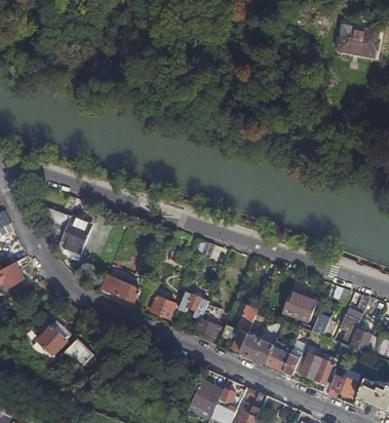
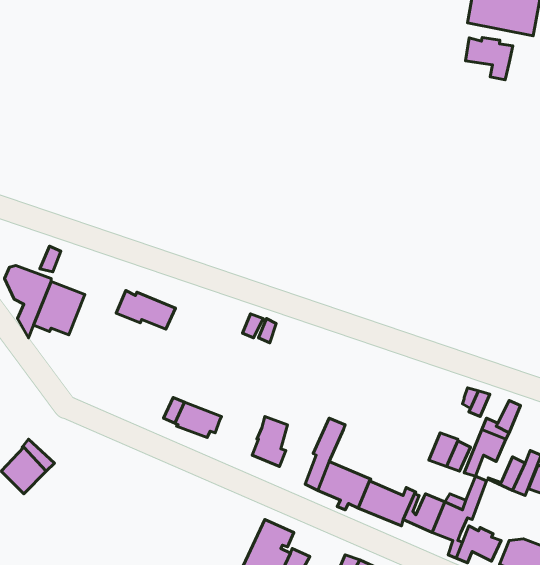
building: none -> [466,38,513,80]
building: [101,276,139,301] -> [116,291,176,329]
building: [178,291,208,312] -> none
building: [282,292,316,321] -> none
building: [65,338,92,366] -> none

